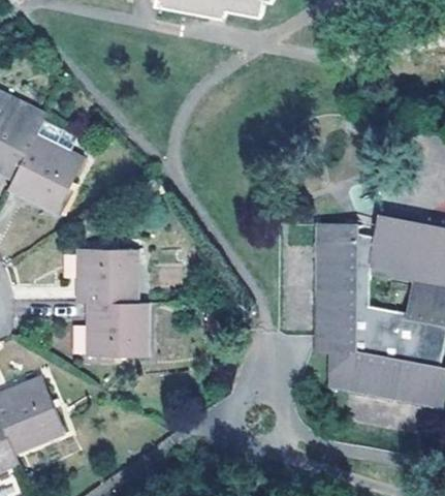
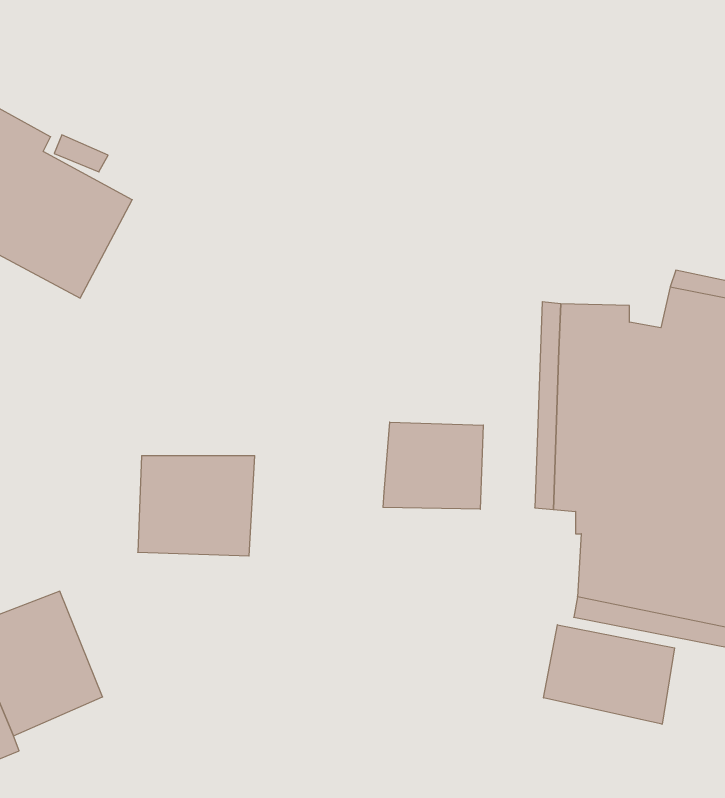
building: [76,248,140,302] -> none
building: none -> [383,422,483,509]
building: none -> [544,625,675,724]

